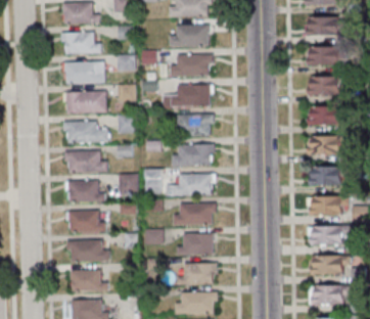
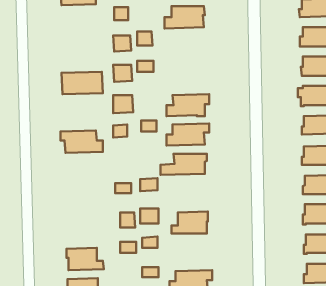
building: [60,32,101,53] -> none
building: [170,54,213,76] -> none
building: [63,61,104,83] -> none
building: [163,83,211,105] -> none
building: [62,121,107,143] -> none
building: [143,169,160,193] -> none
building: [118,174,138,194] -> none
building: [67,180,104,201] -> none
building: [172,203,215,225] -> none
building: [68,211,105,232] -> none
building: [65,240,109,262] -> none
building: [176,263,216,285] -> none

